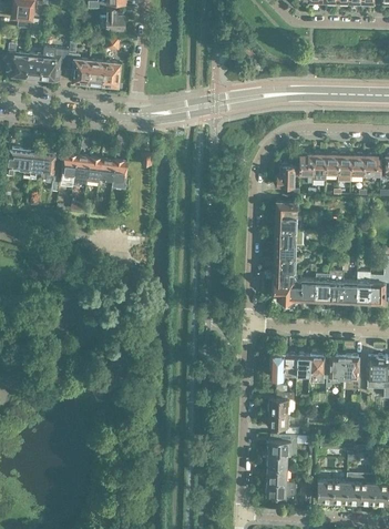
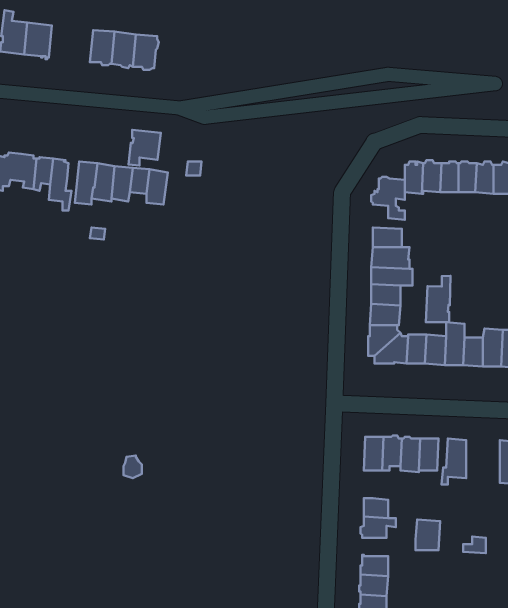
building: [41,48,62,80] -> none
building: none -> [129,130,161,165]
building: none -> [426,276,451,322]
building: [342,355,359,390] -> none

